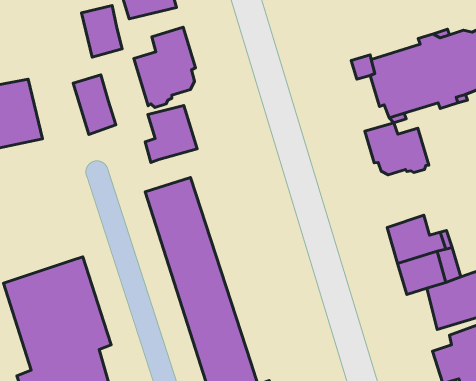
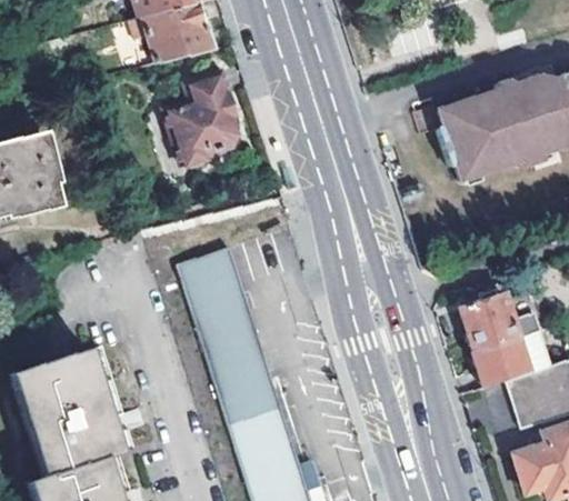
building: [82,5,122,57] -> none
building: [73,75,116,135] -> none
building: [145,105,197,163] -> none
building: [365,123,429,175] -> none

